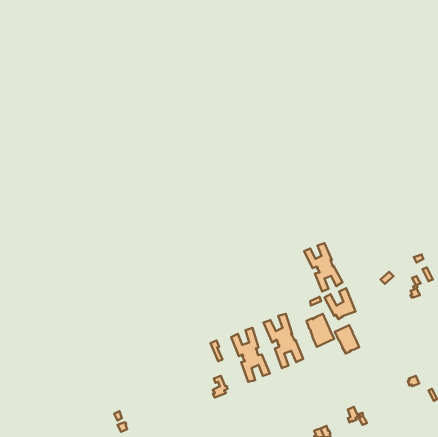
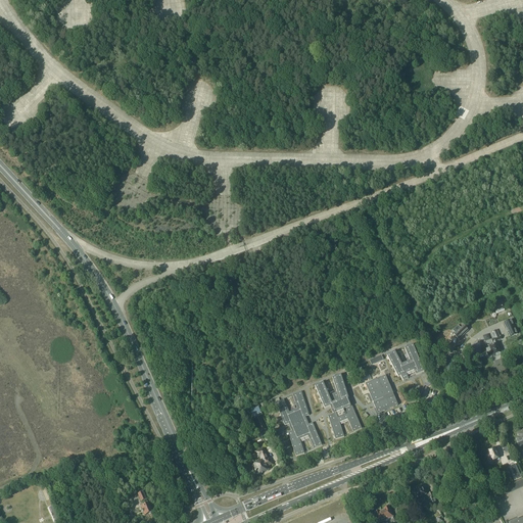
building: [304,243,343,292] -> none
building: [335,325,359,353] -> none

